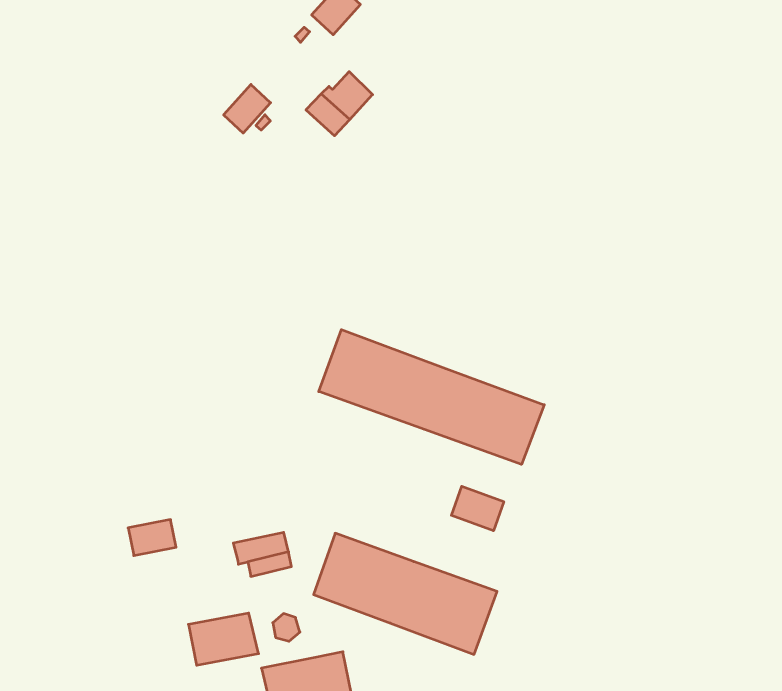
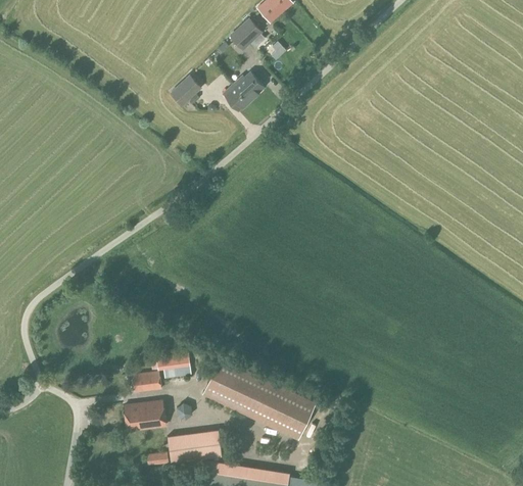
building: [319,330,544,464] -> none
building: [451,486,504,531] -> none
building: [128,520,176,556] -> [132,373,160,393]

